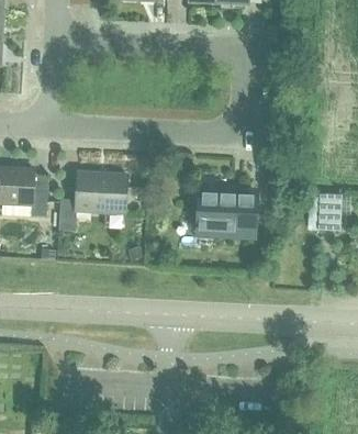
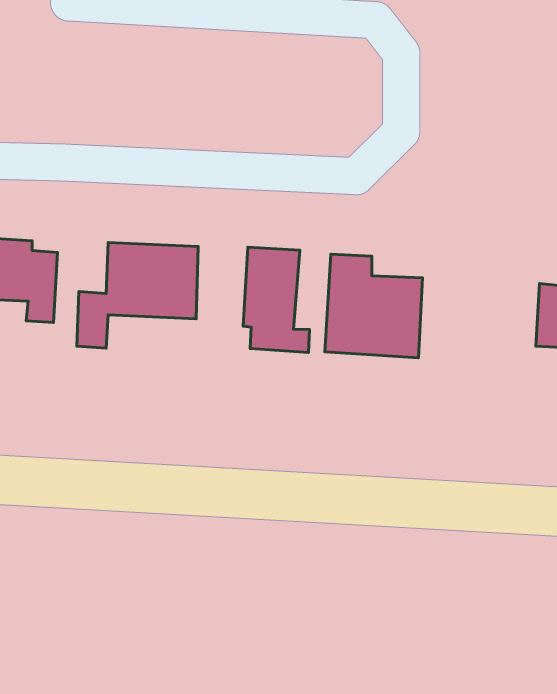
building: none -> [243,247,310,352]

